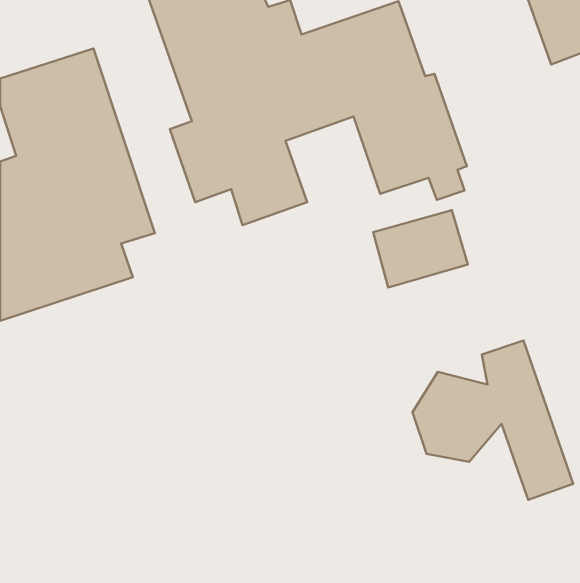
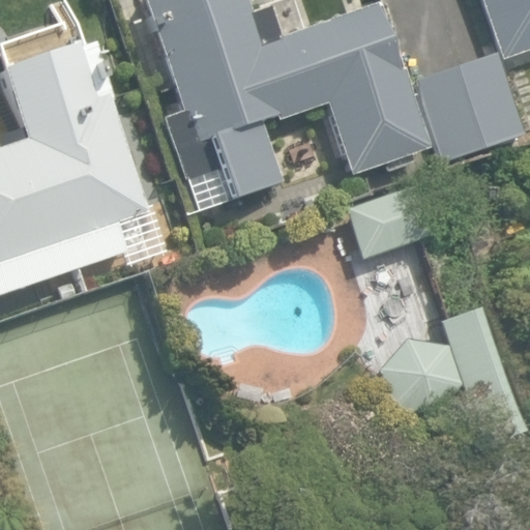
building: none -> [421,52,525,158]

